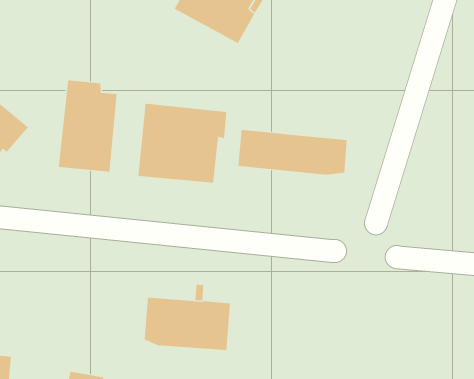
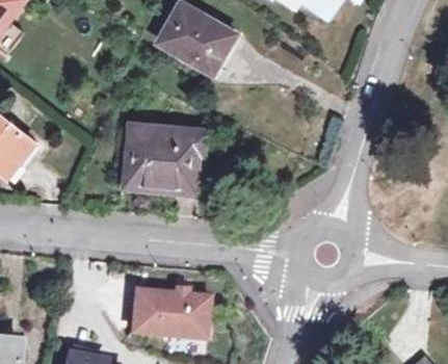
building: [58,79,117,173] -> none
building: [238,129,347,176] -> none

